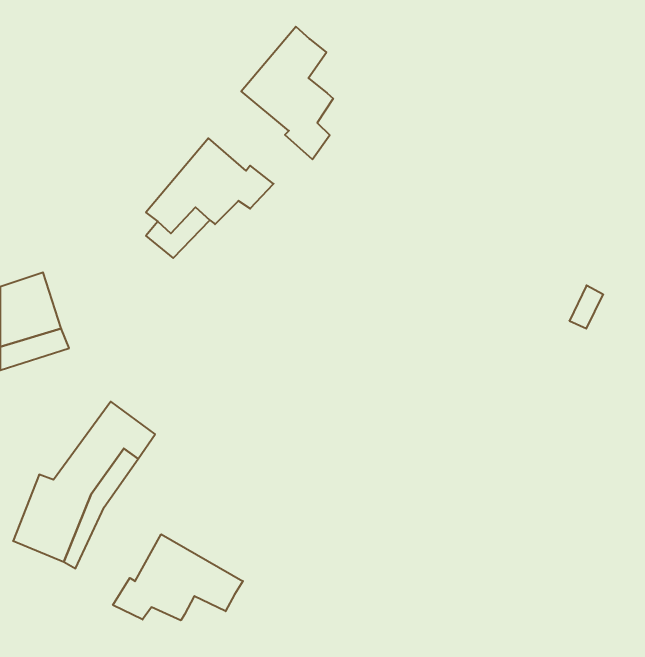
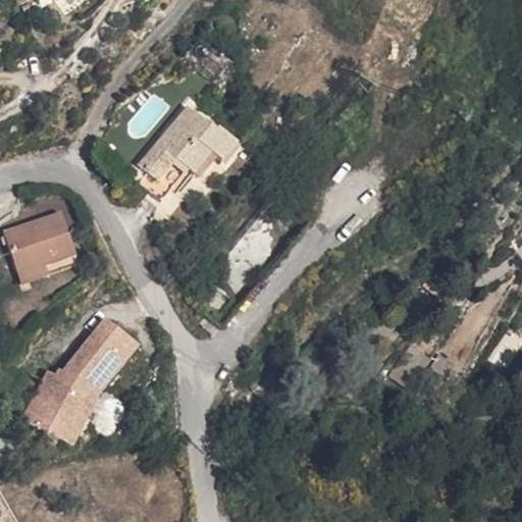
building: [241,27,333,159] -> none
building: [113,534,243,620] -> none

